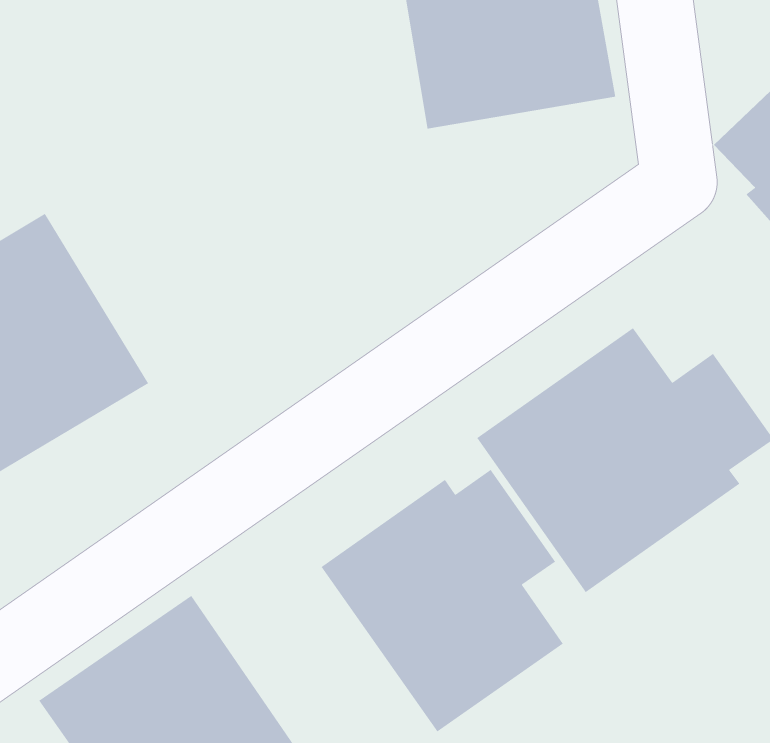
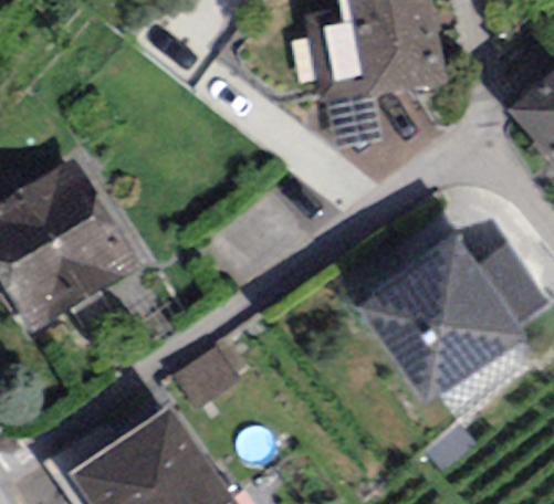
building: [320,469,564,733] -> none

